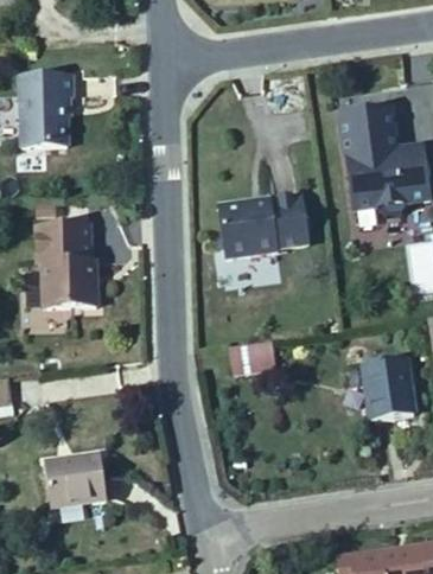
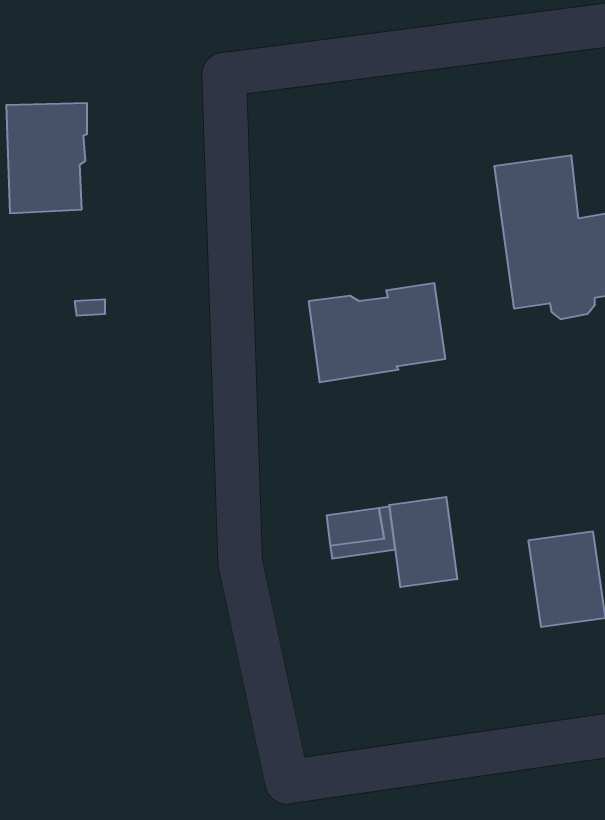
building: [37,223,97,307] -> none
building: none -> [389,497,457,587]
building: [44,454,106,500] -> none

